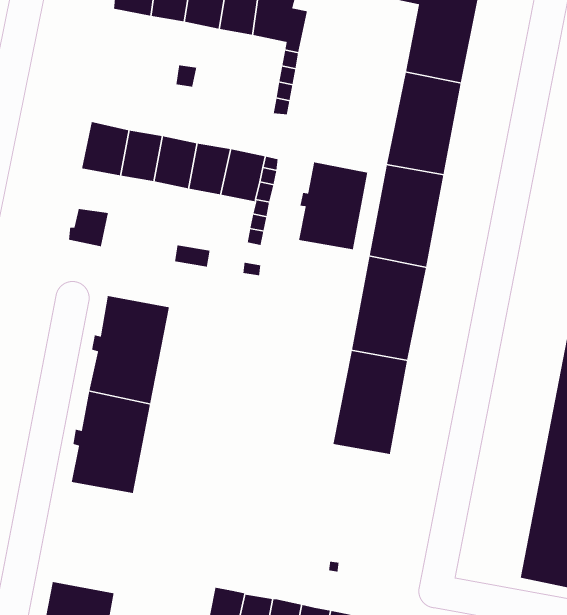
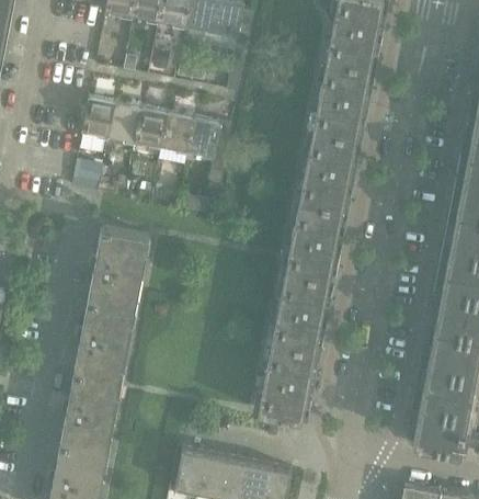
building: [298,161,368,250] -> none
building: none -> [258,342,315,421]
building: none -> [59,371,121,454]

